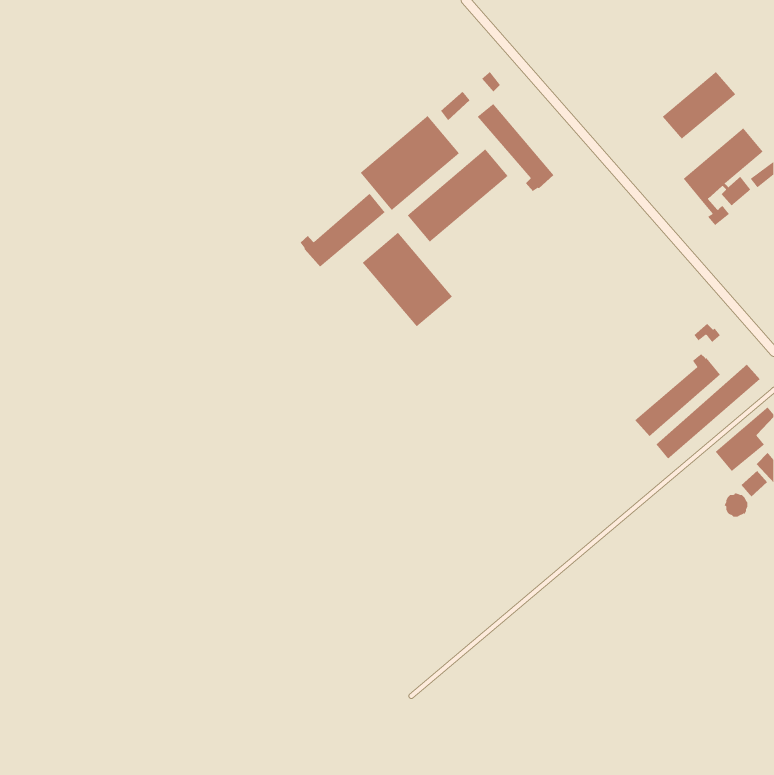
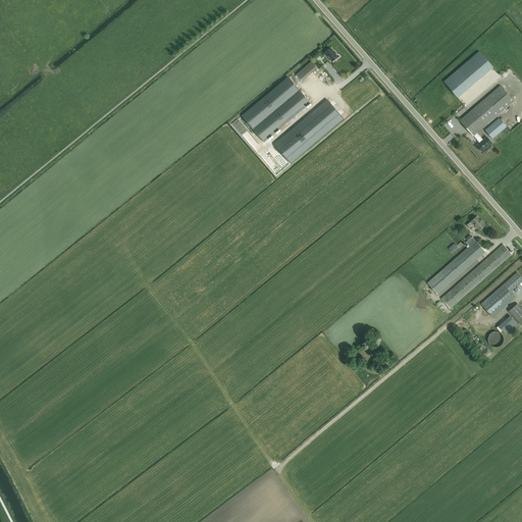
building: [477,103,554,192] -> none
building: [300,193,386,268] -> none
building: [362,232,453,327] -> none

